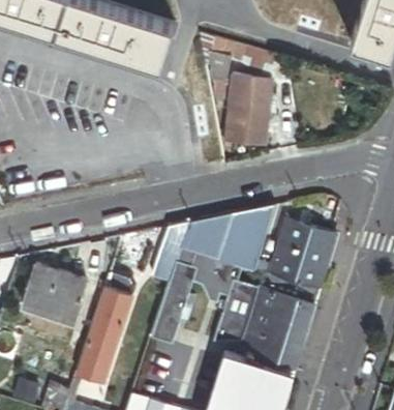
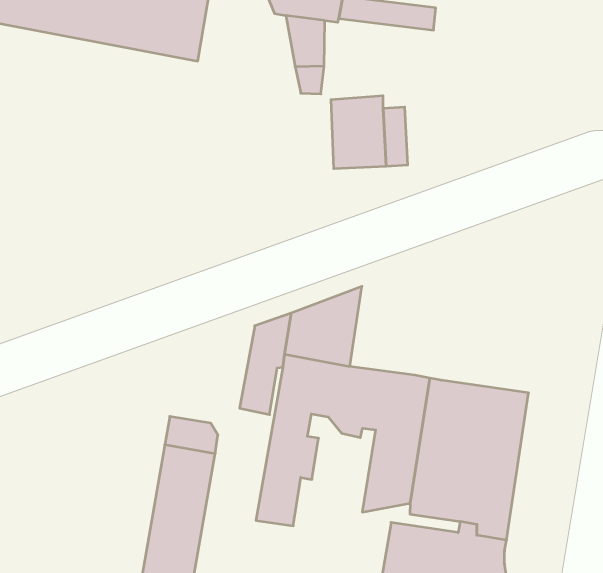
building: [229,71,273,108] -> none
building: [217,204,273,267] -> none
building: [268,217,334,287] -> none
building: [24,262,89,321] -> none

